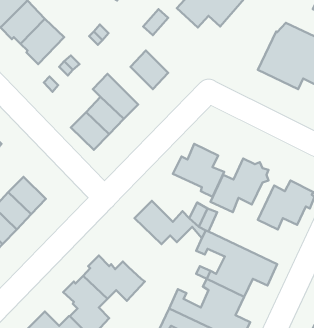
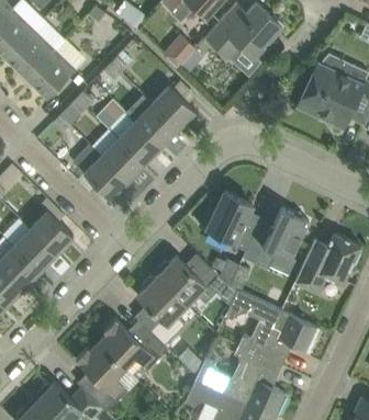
building: none -> [135,103,178,146]
building: none -> [31,211,74,253]
building: none -> [137,275,188,344]

